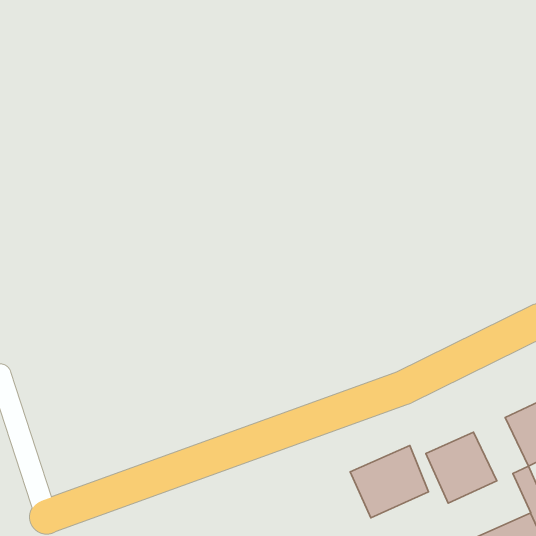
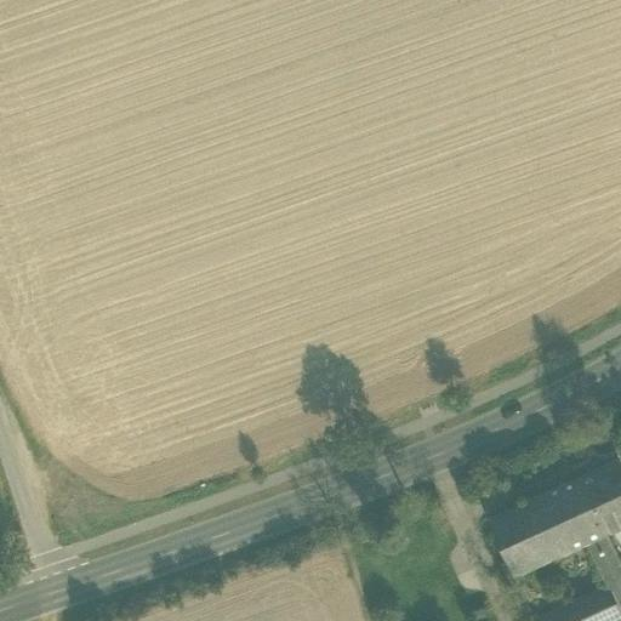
building: none -> [548,484,611,557]
building: [350,445,429,518] -> none

